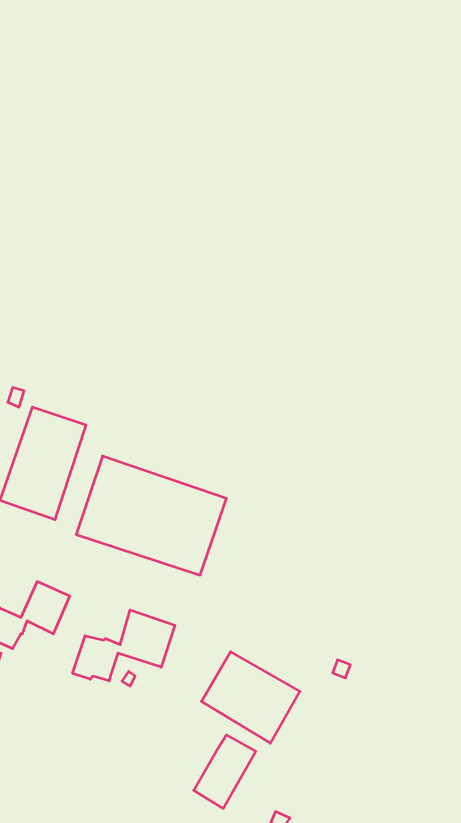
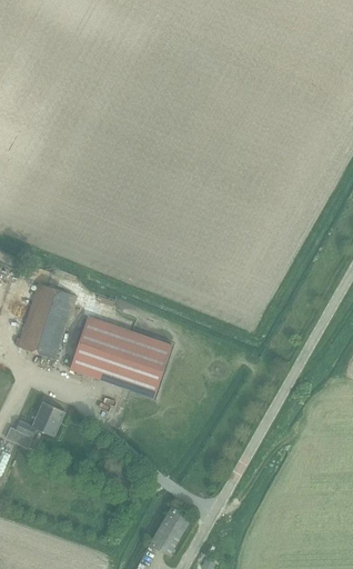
building: [73,610,175,681] -> none
building: [201,652,300,743] -> none

